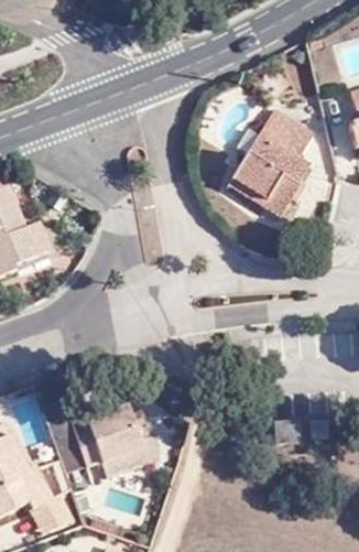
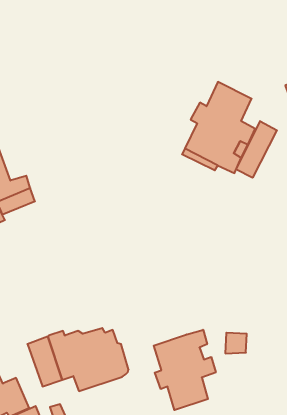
building: none -> [236,121,277,178]
building: none -> [154,330,216,410]

